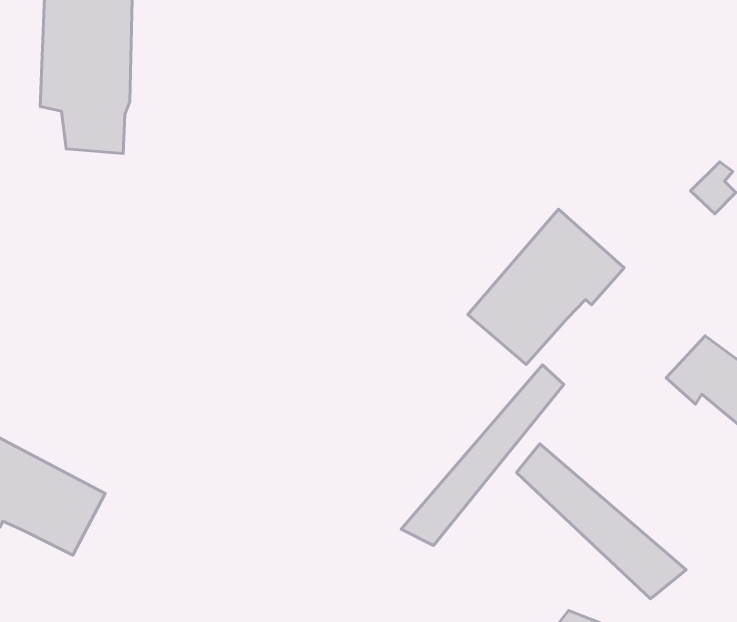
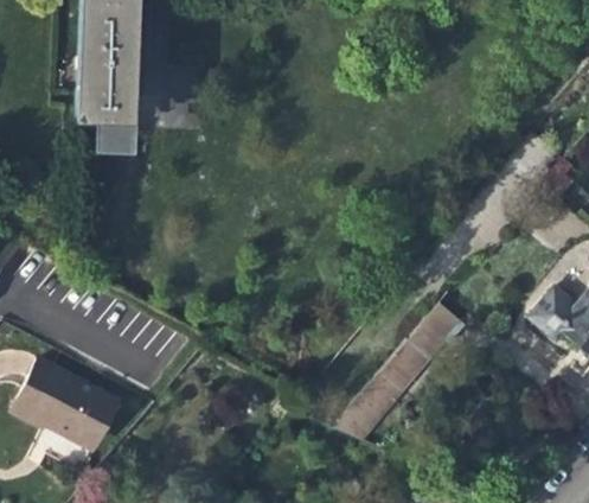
building: [468,209,624,365] -> none
building: [516,444,686,599] -> none

